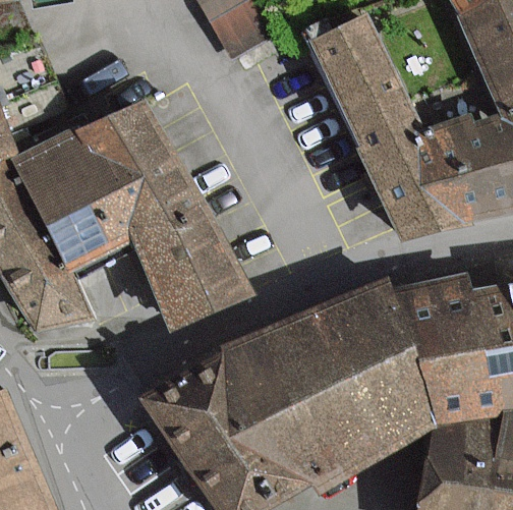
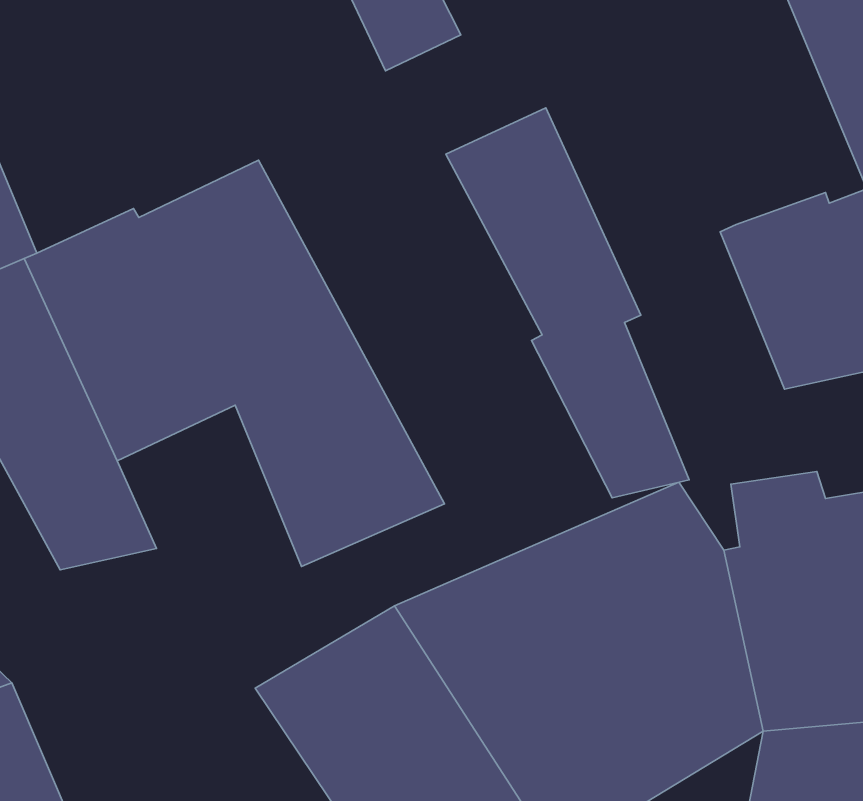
building: [309,16,448,238] -> [446,108,689,498]

